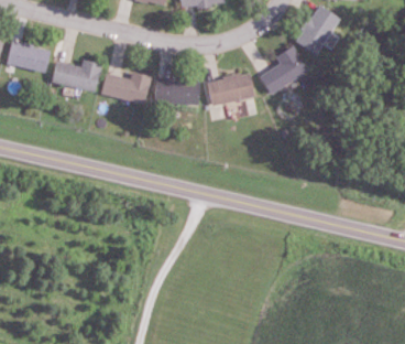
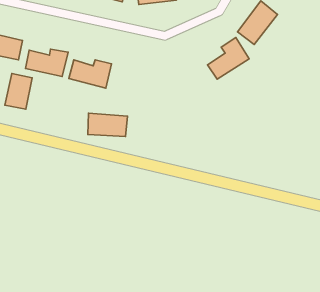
building: [207,75,253,105] -> none
building: [155,78,200,105] -> [88,113,127,136]
building: none -> [5,74,32,109]

